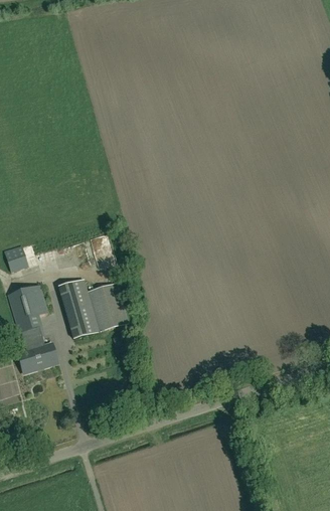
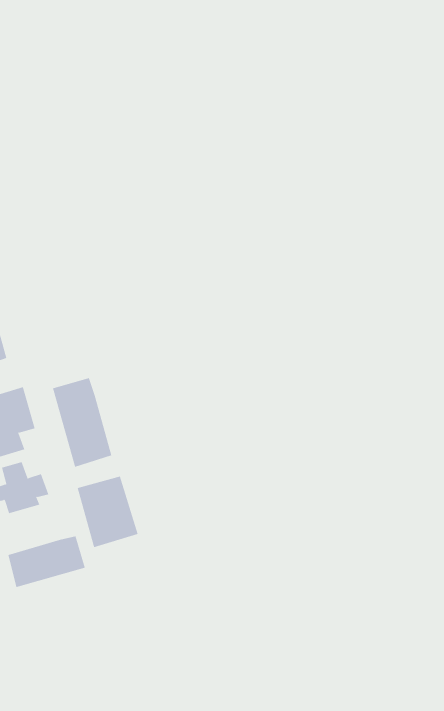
building: [88,283,129,331] -> [77,476,138,548]
building: none -> [8,535,85,588]

